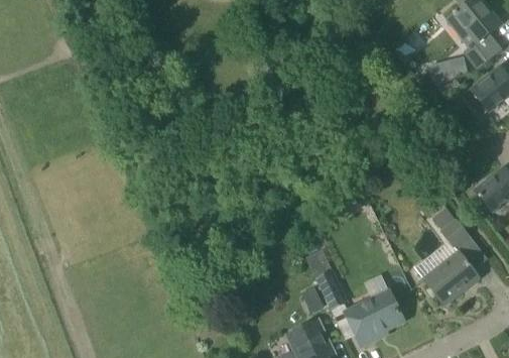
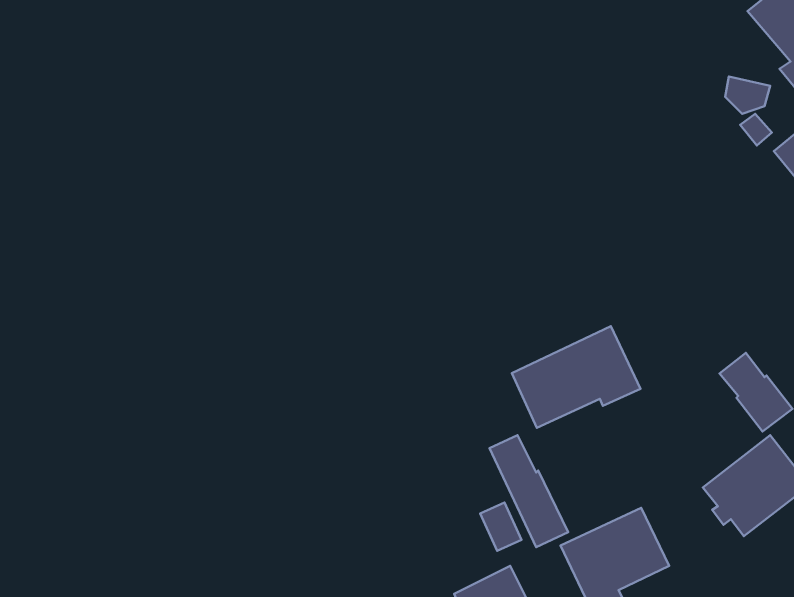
building: none -> [512,326,641,428]

